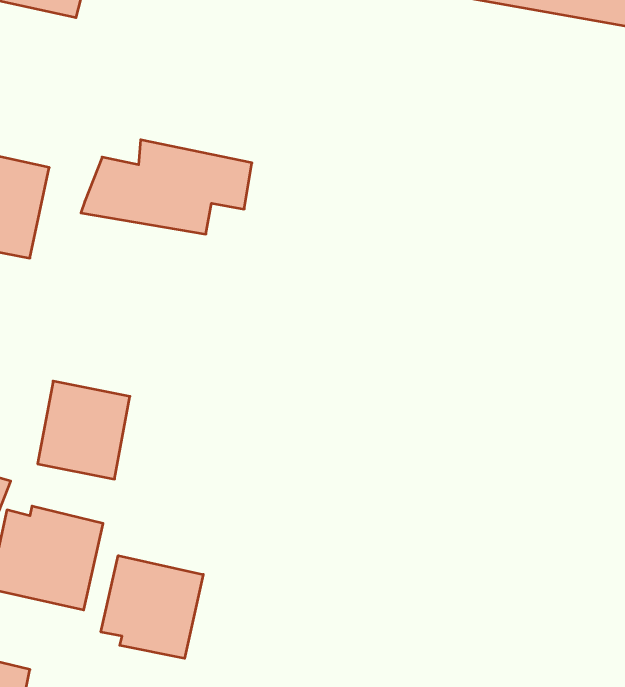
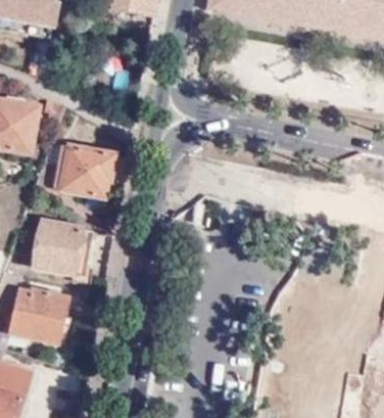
building: [81,140,252,234] -> [38,145,129,195]
building: [101,556,203,658] -> none

